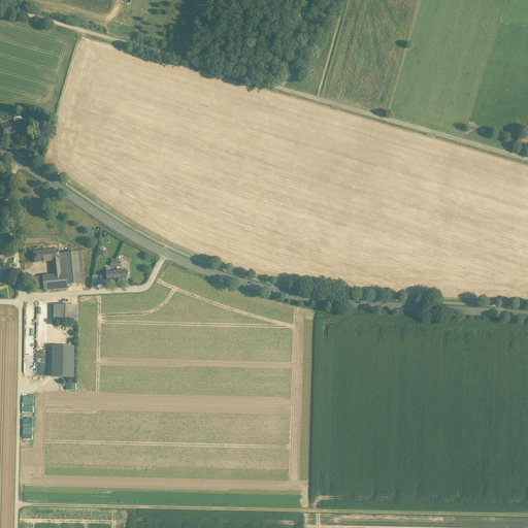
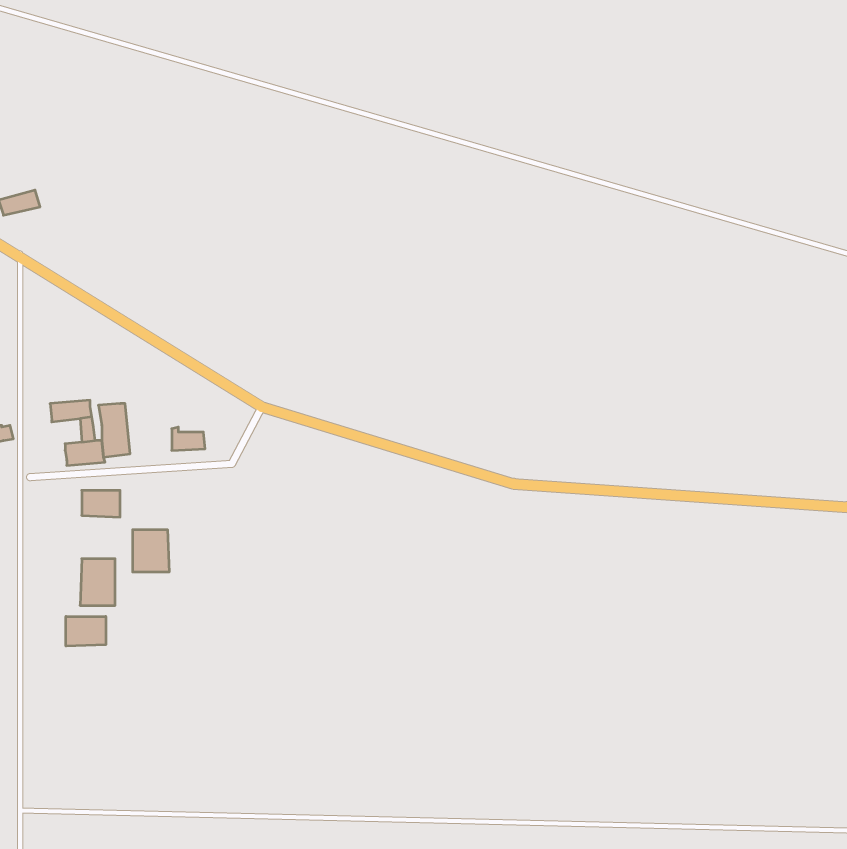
building: none -> [133,530,169,572]
building: none -> [66,616,106,646]

